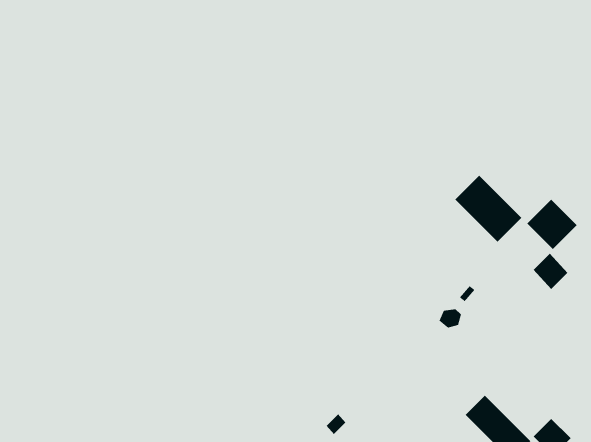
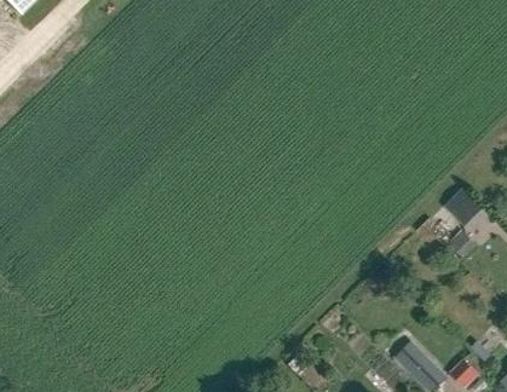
building: [454,175,522,243] -> none

